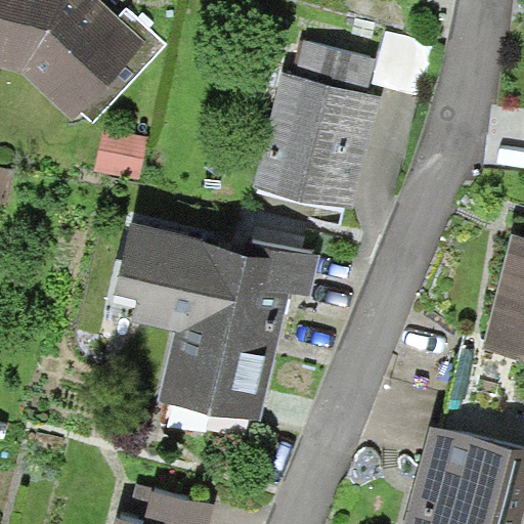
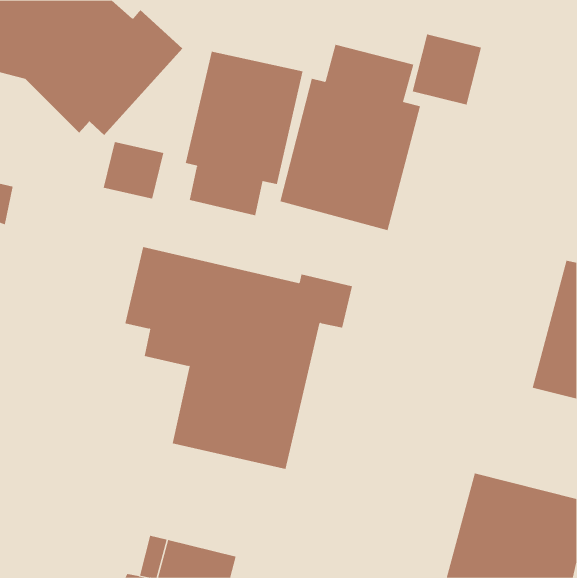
building: none -> [185,51,303,216]

